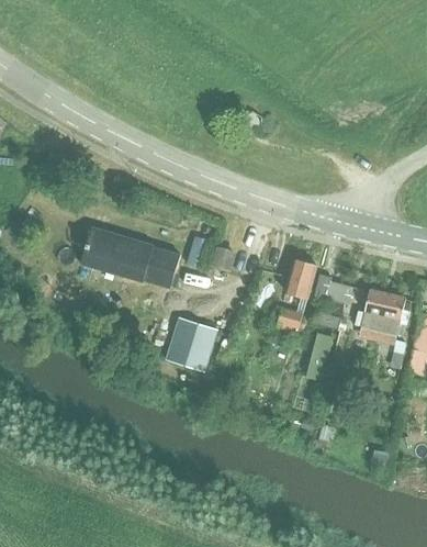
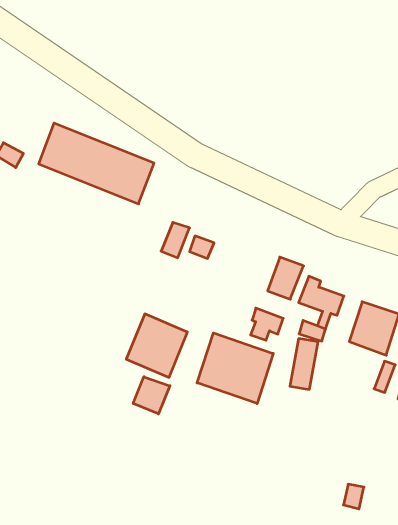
building: [82,224,184,288] -> [39,123,154,204]
building: none -> [197,333,273,404]
building: none -> [133,377,170,414]

